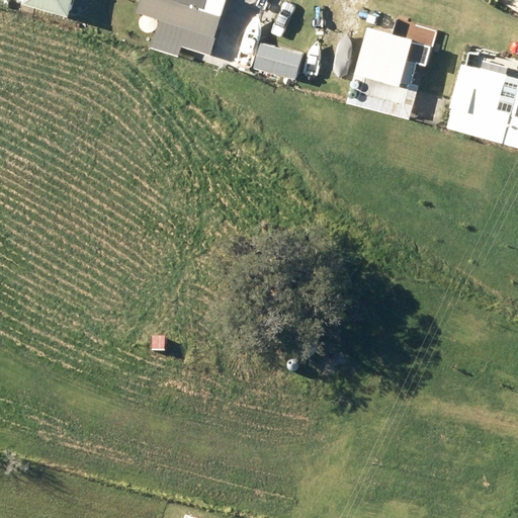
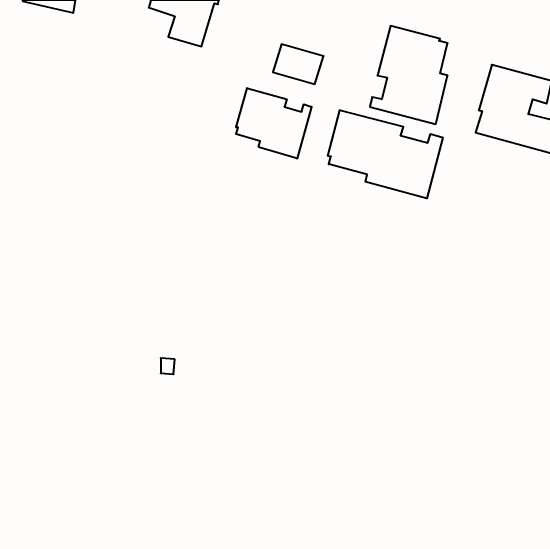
building: none -> [236,88,312,159]
building: none -> [328,110,443,198]

